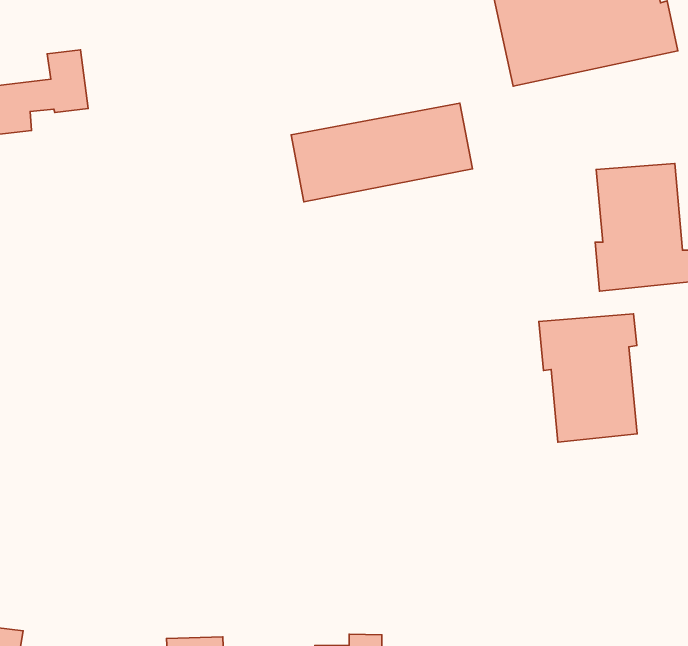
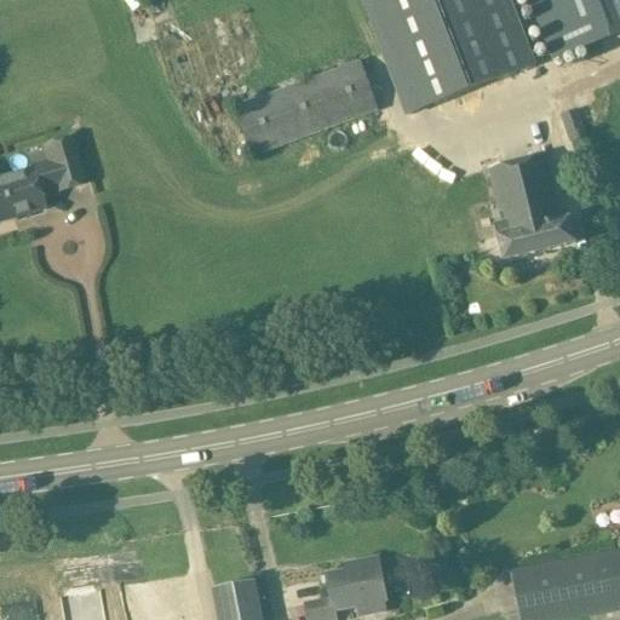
building: [291,103,472,202] -> [232,58,378,155]
building: [539,314,637,442] -> none

